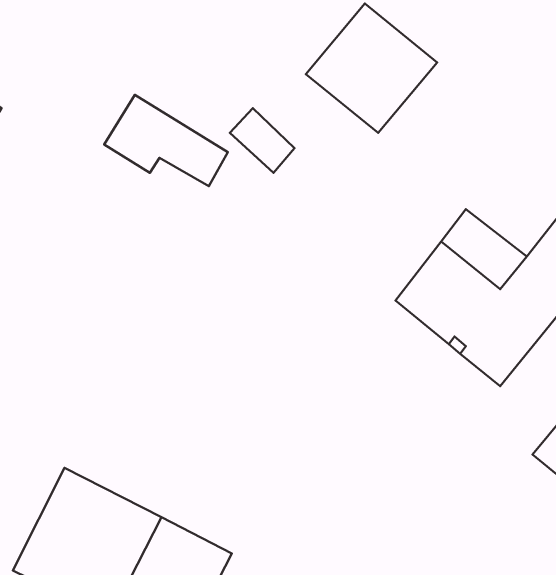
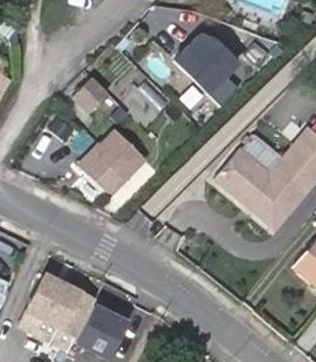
building: none -> [82,132,143,191]

